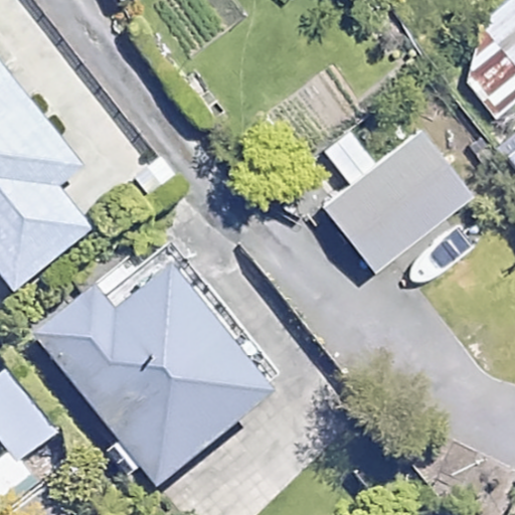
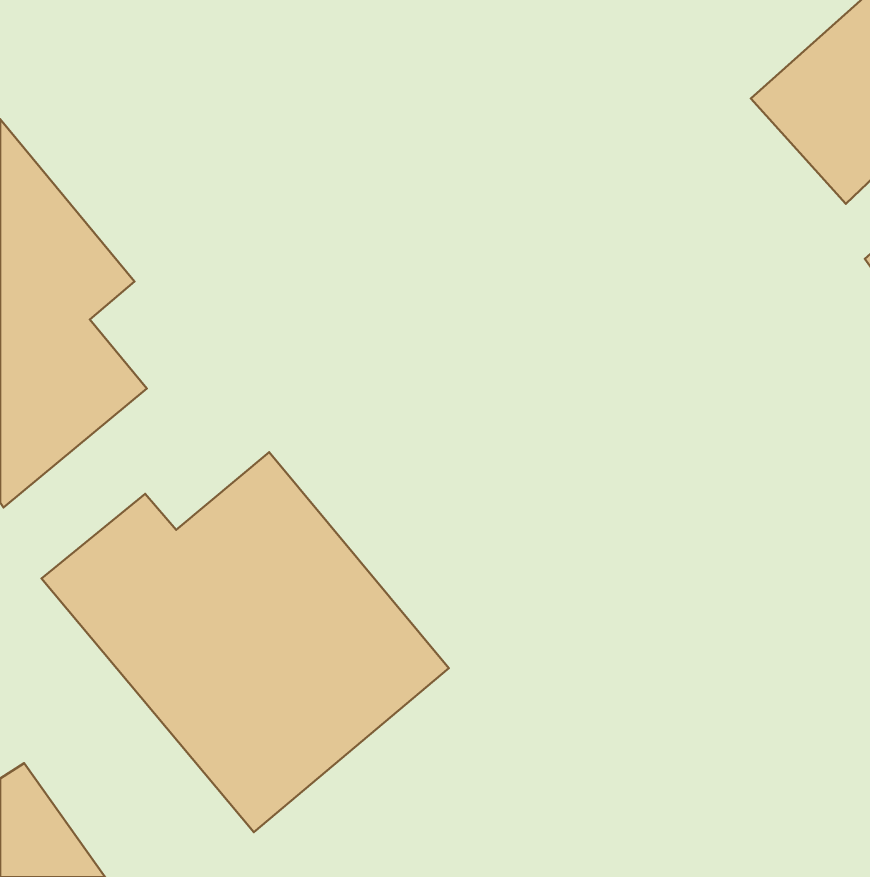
building: [327,128,473,269] -> none

